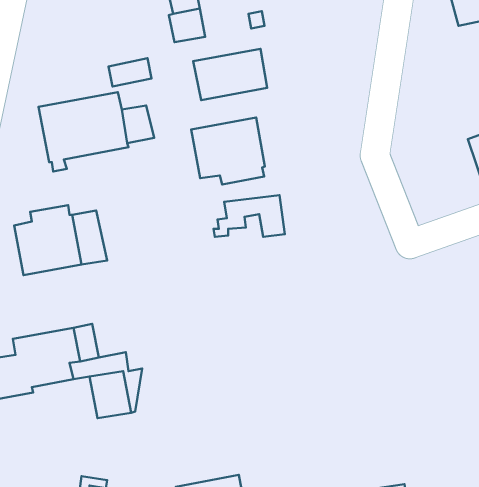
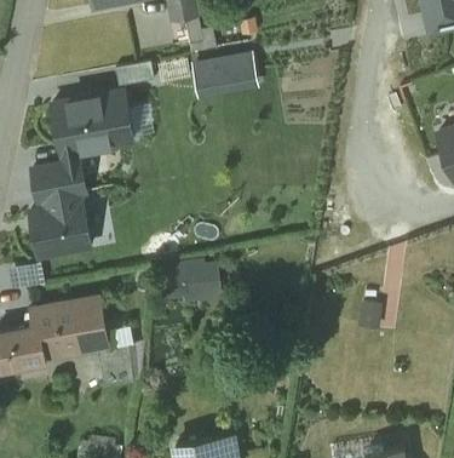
building: [191,118,265,185] -> none
building: none -> [33,161,85,201]
building: [213,195,285,237] -> [156,265,220,303]

